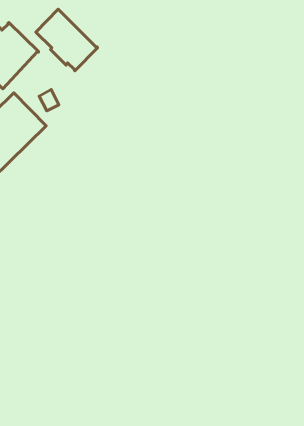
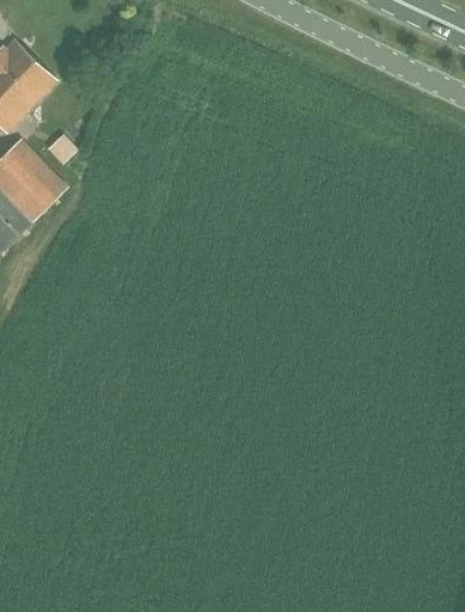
building: [36,9,97,71] -> none

